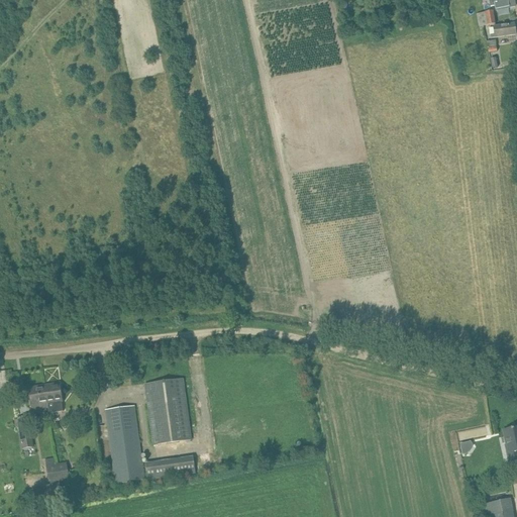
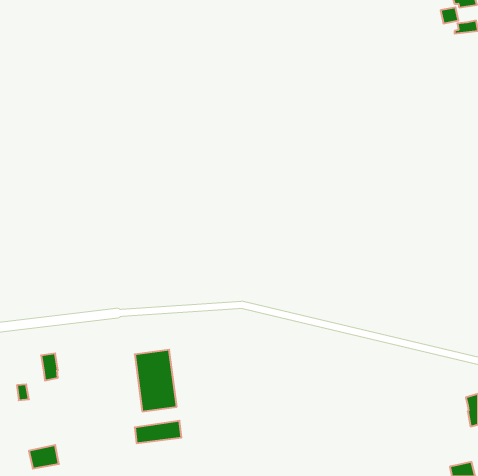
building: [28,384,48,413] -> none
building: [106,404,144,482] -> none
building: [44,456,69,479] -> none

